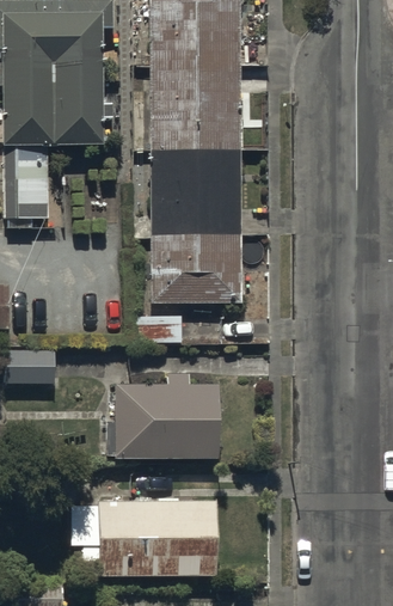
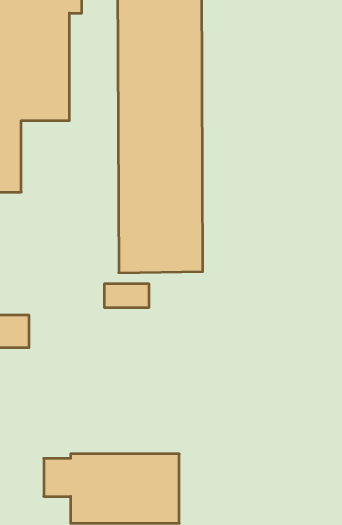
building: [113,372,217,455] -> none

